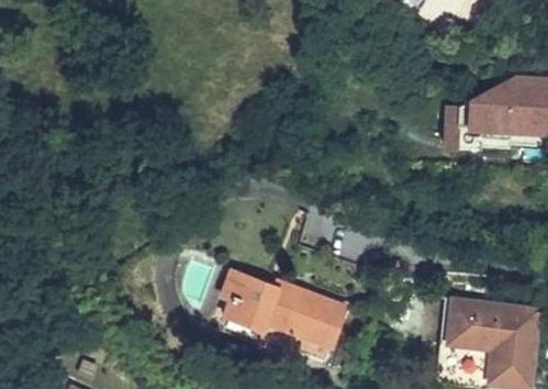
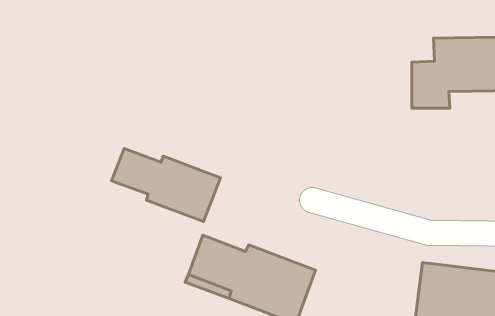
building: none -> [112,149,221,222]

